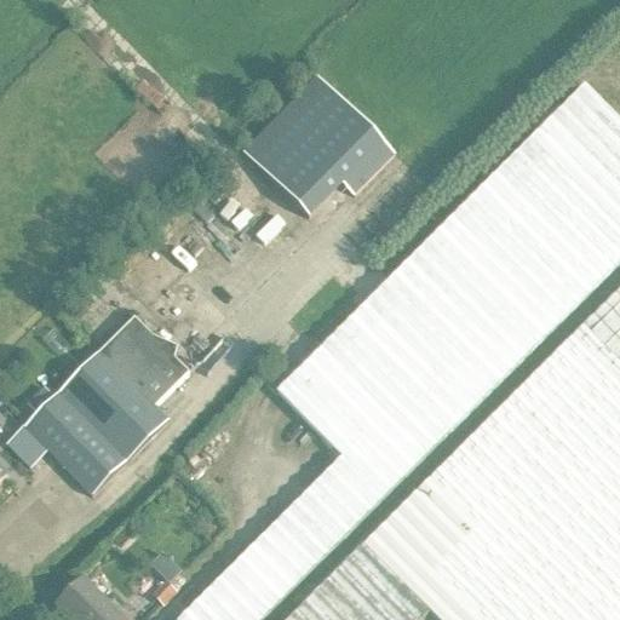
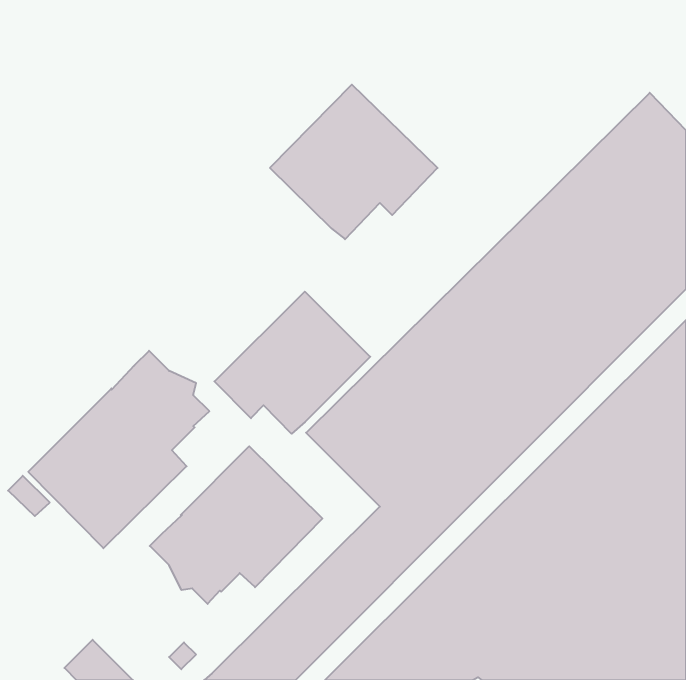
building: none -> [214,292,370,434]
building: none -> [150,446,322,604]

